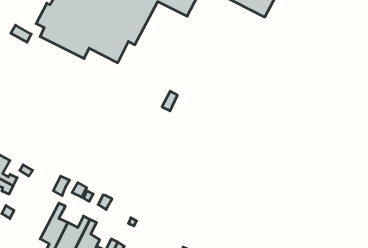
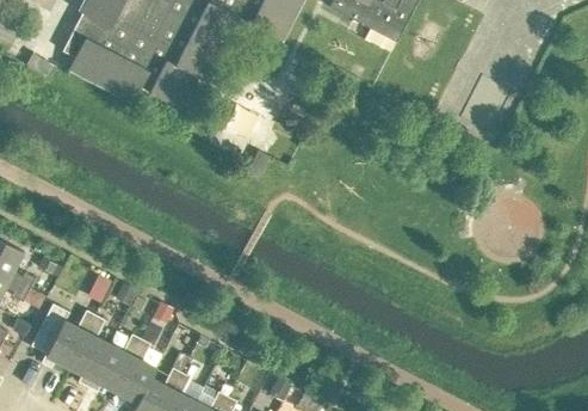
building: none -> [30,302,95,368]

